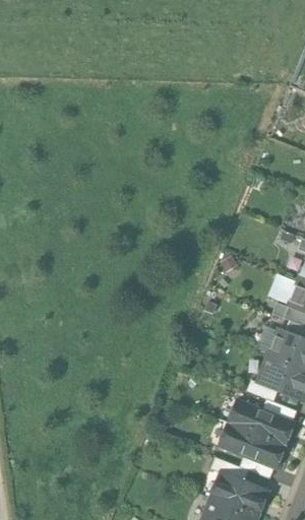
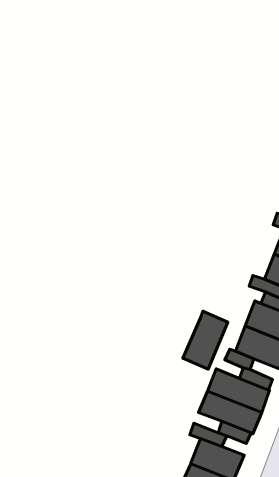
building: none -> [183,311,228,369]

